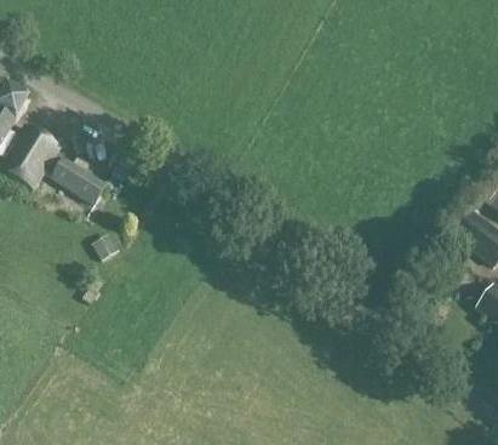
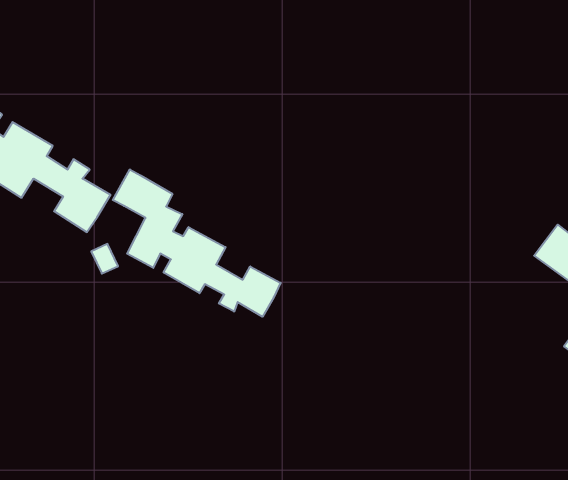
building: none -> [113,169,281,317]

